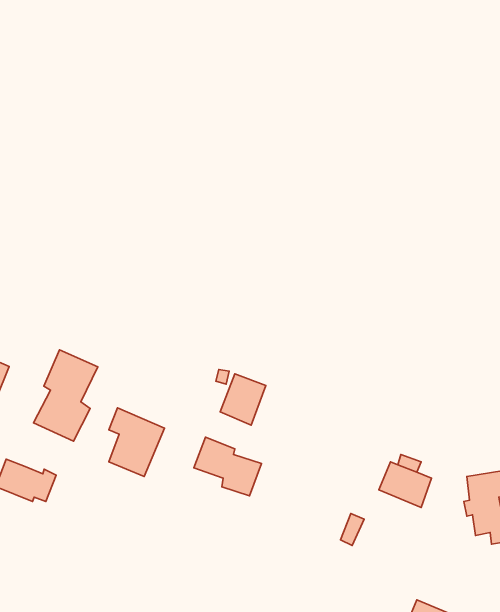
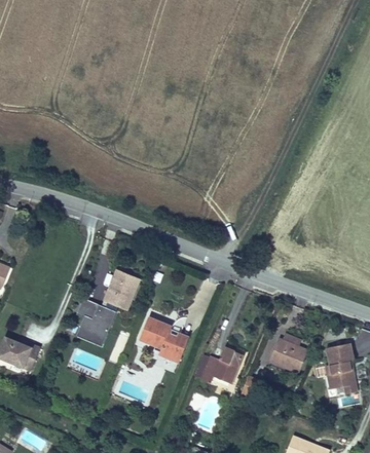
building: [34,350,98,441] -> none
building: [220,374,266,425] -> [107,273,139,309]
building: none -> [199,345,242,382]

